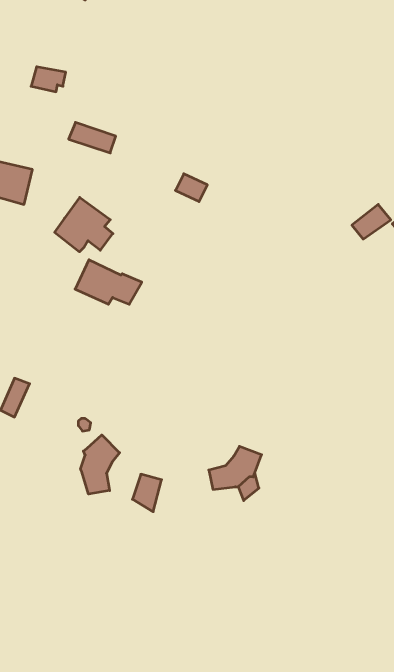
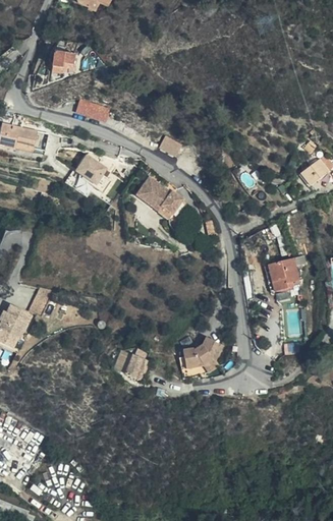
building: [75,260,142,304] -> [140,181,188,214]
building: none -> [268,262,297,291]
building: [81,435,120,494] -> none

